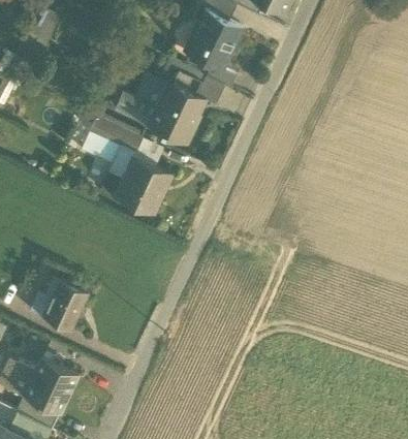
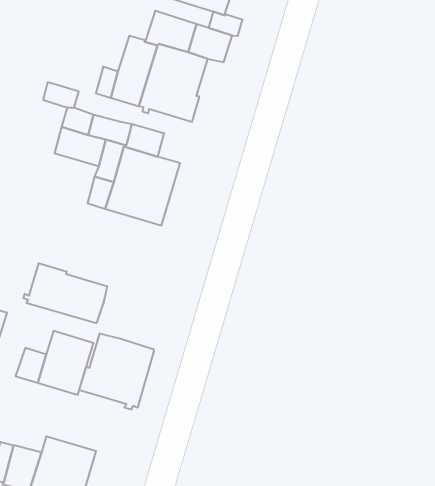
building: none -> [24,263,107,323]
building: none -> [79,333,154,410]

